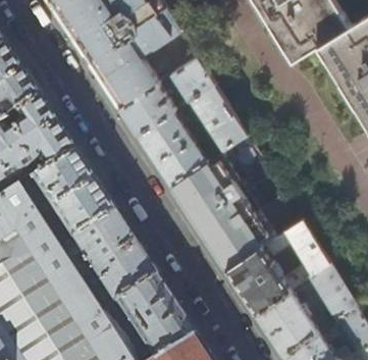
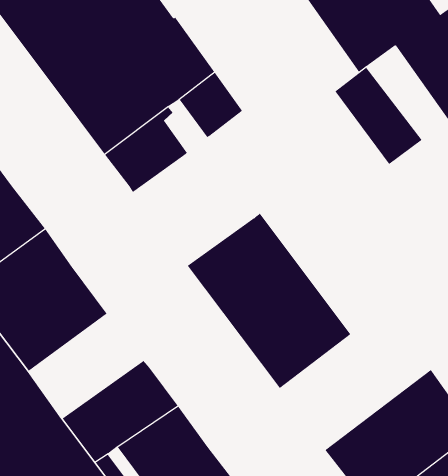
building: [190,86,247,152] -> [334,67,423,165]
building: [136,113,216,187] -> none
building: [59,215,137,284] -> none
building: [226,222,328,315] -> none

